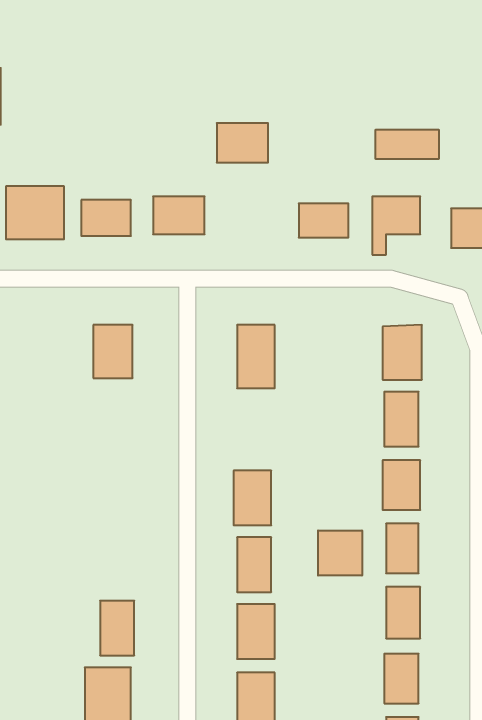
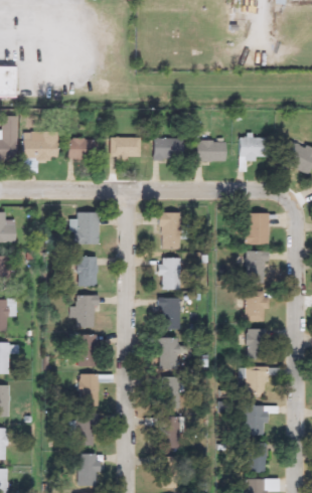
building: [217,123,268,163] -> [152,138,182,161]
building: [376,130,439,159] -> none
building: none -> [76,258,97,287]
building: none -> [159,259,180,291]
building: none -> [70,297,95,328]
building: [318,530,362,576] -> none
building: none -> [76,336,96,367]

